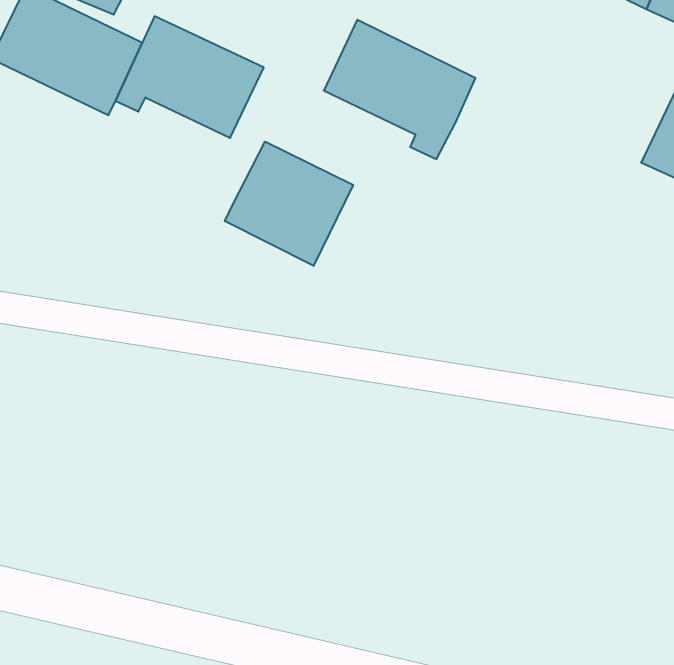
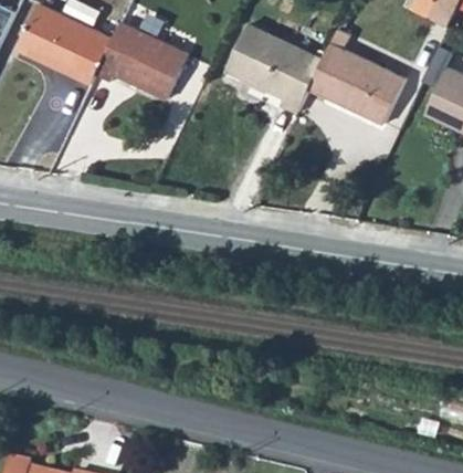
building: none -> [308,43,403,123]
building: [225,142,353,266] -> none

